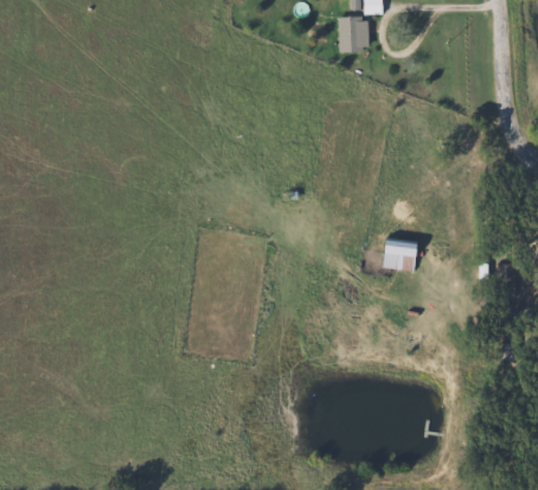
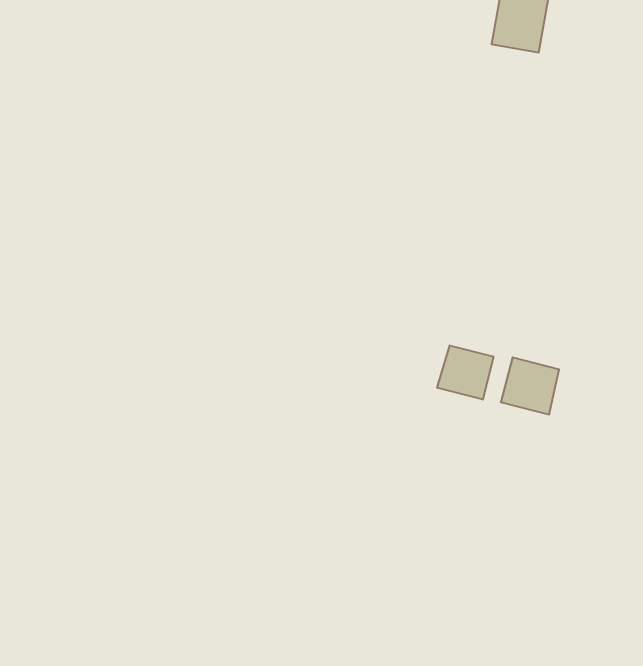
building: none -> [437,345,494,400]

